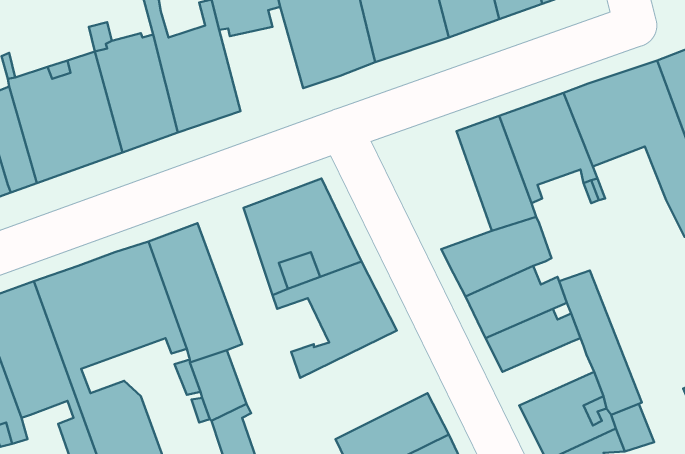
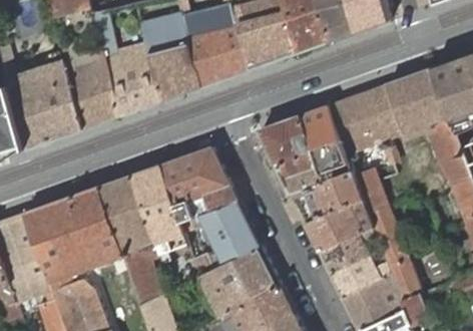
building: none -> [145,33,200,101]
building: none -> [260,114,324,192]
building: none -> [131,164,187,262]
building: none -> [355,168,388,213]
building: none -> [178,245,282,319]
building: none -> [331,256,391,294]

